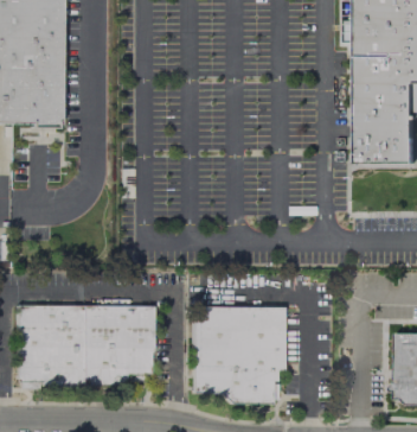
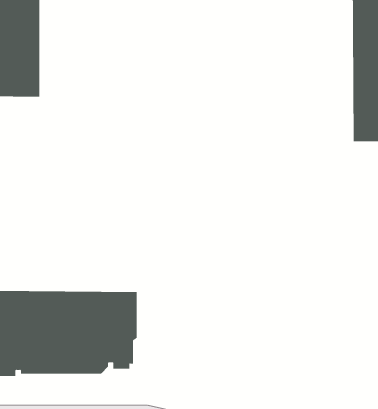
building: [191,305,283,404] -> none

